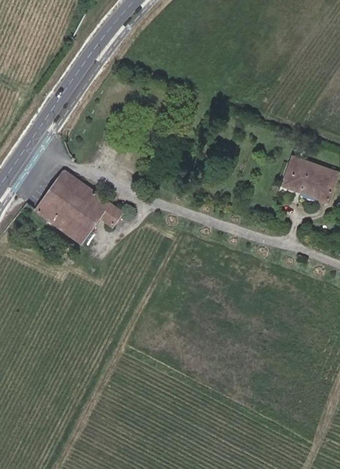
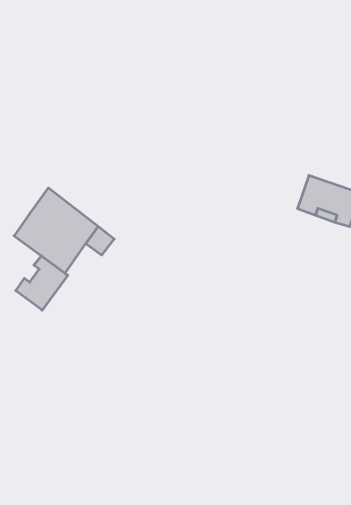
building: none -> [16,256,68,310]

